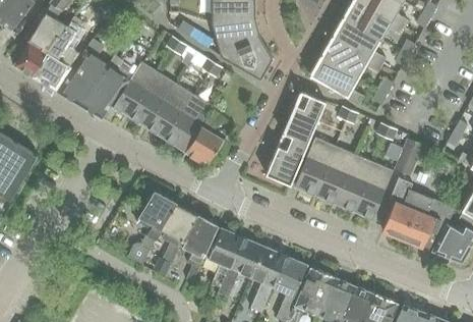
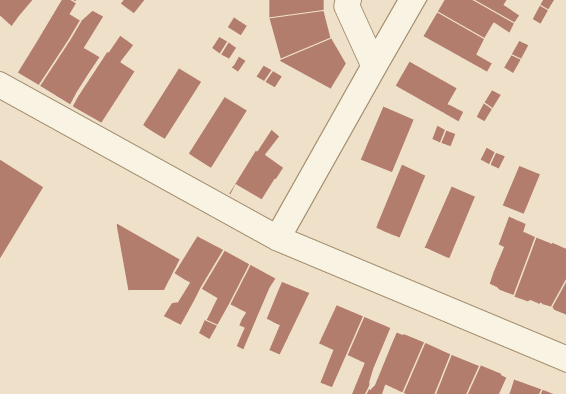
building: [320,37,381,77] -> none
building: [80,55,128,117] -> none
building: [130,72,176,128] -> none
building: [166,95,212,152] -> none
building: [264,133,307,185] -> none
building: [313,146,353,203] -> none
building: [352,162,393,219] -> none
building: none -> [116,223,181,292]
building: [218,237,263,298] -> none

